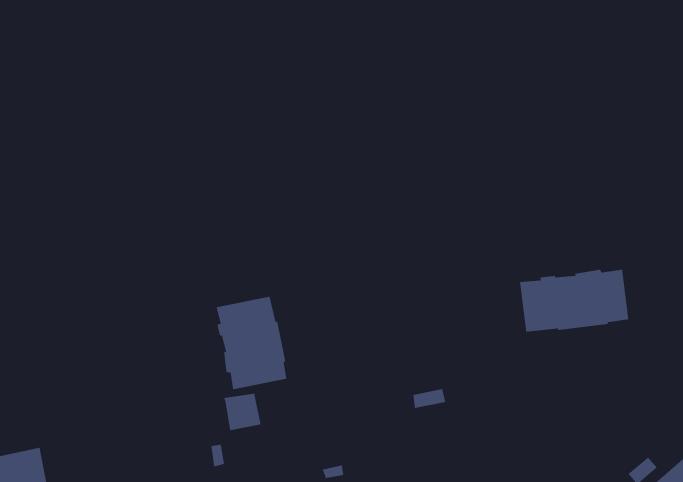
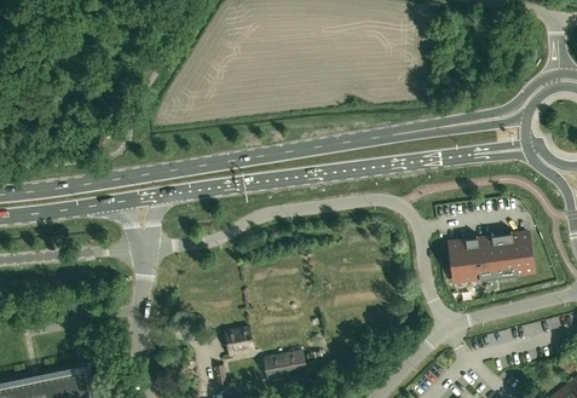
building: [216,296,287,390] -> none
building: none -> [262,348,306,377]

